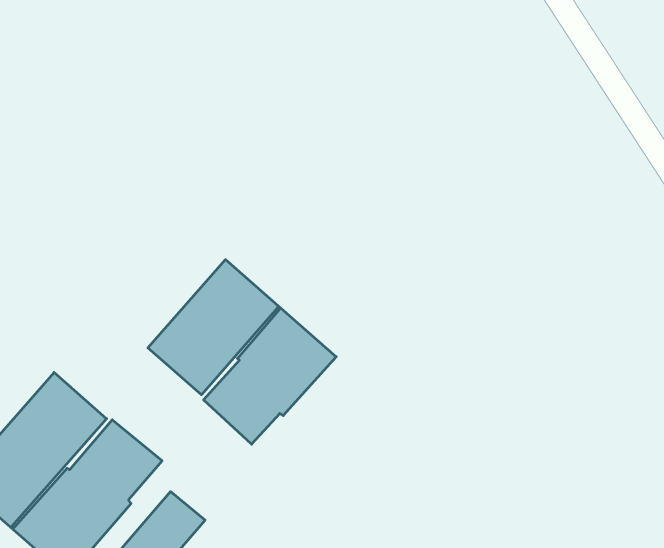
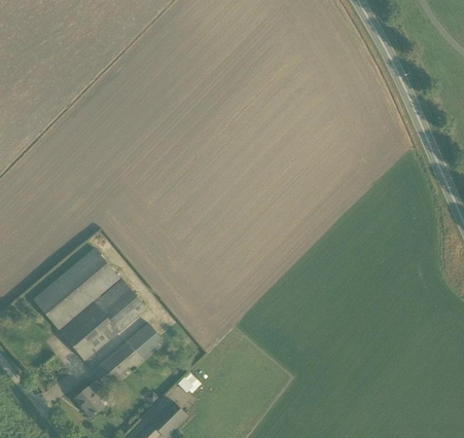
building: [148,260,336,444] -> none

